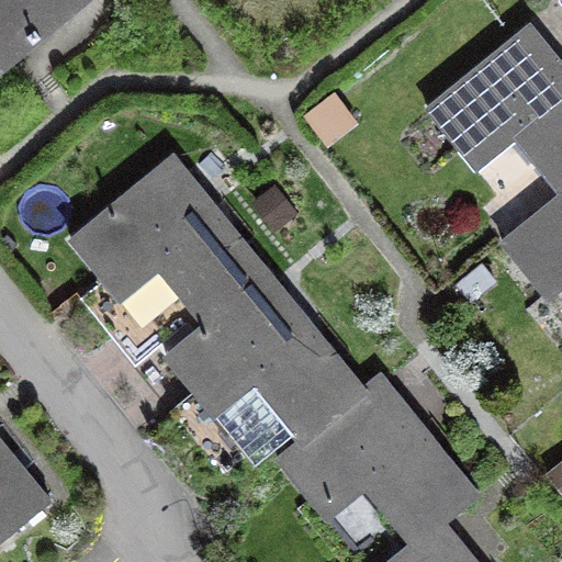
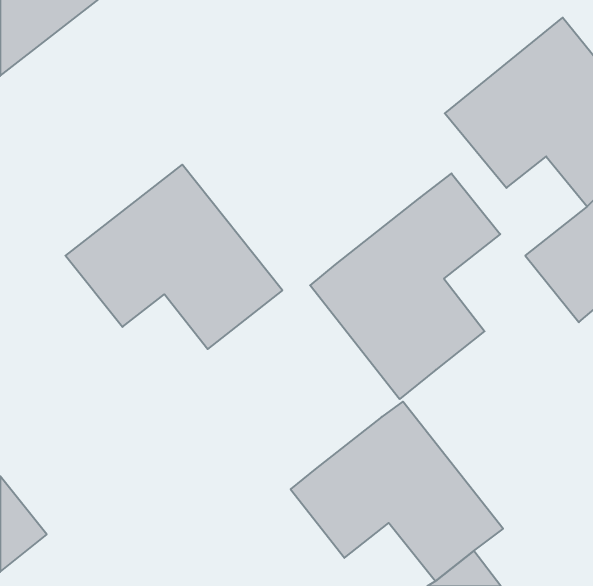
building: none -> [310,173,500,399]
building: [164,273,362,441] -> none

